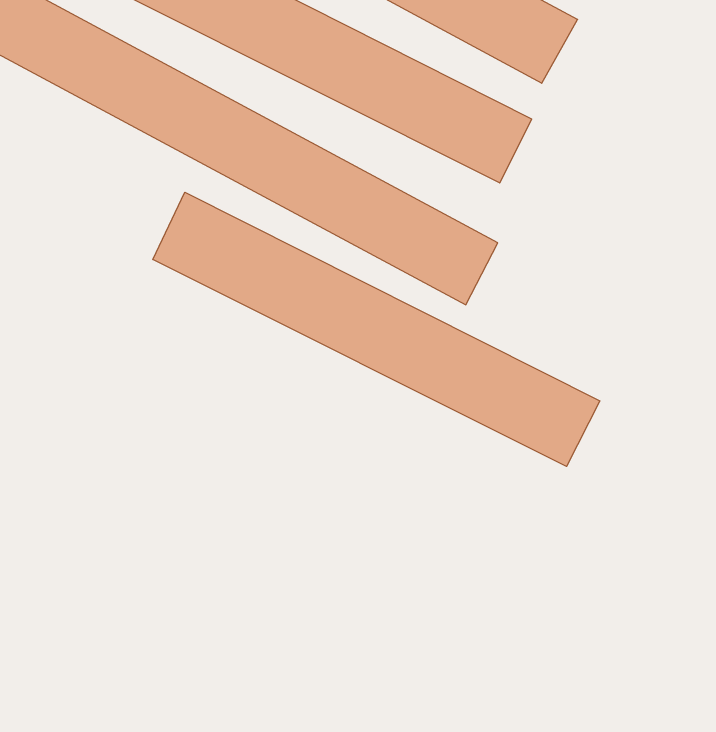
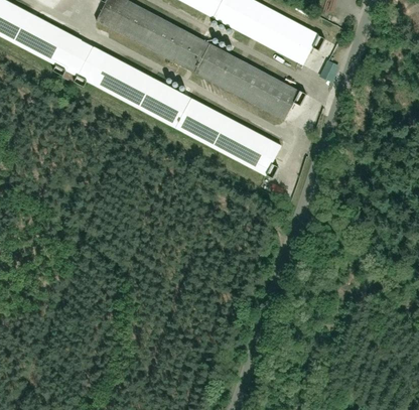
building: [153,192,600,466] -> none

